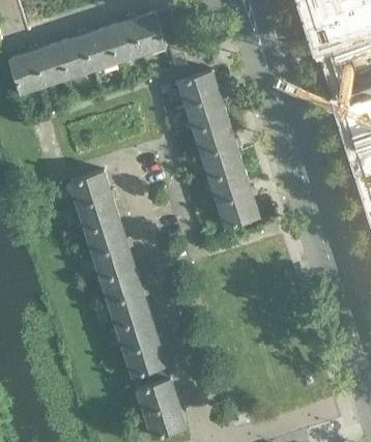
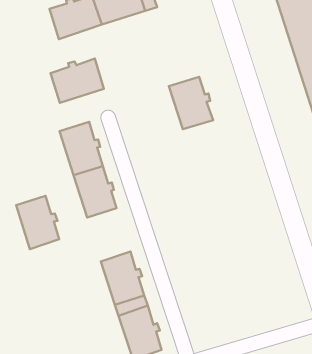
building: [8,43,68,93] -> [51,59,104,103]
building: [177,70,227,130] -> none
building: [208,169,258,229] -> none
building: [101,268,149,328] -> [16,196,59,249]

